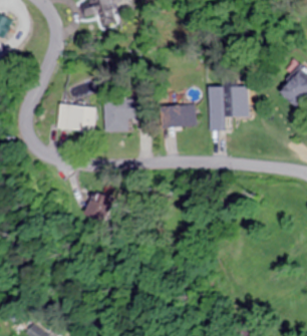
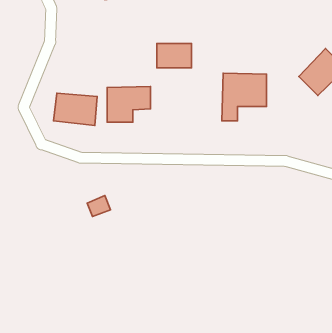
building: [165,105,196,127] -> [157,43,192,68]

